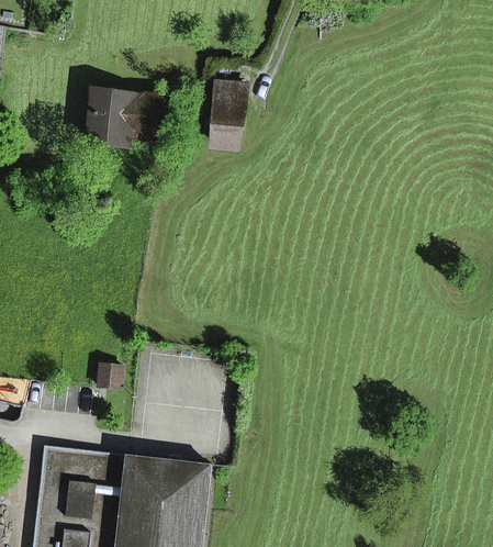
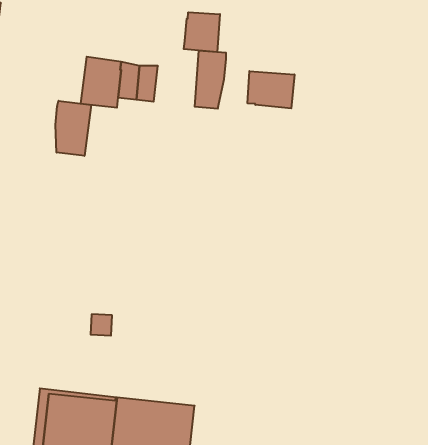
building: none -> [184,12,220,52]
building: none -> [248,71,294,108]
building: none -> [55,101,91,156]

